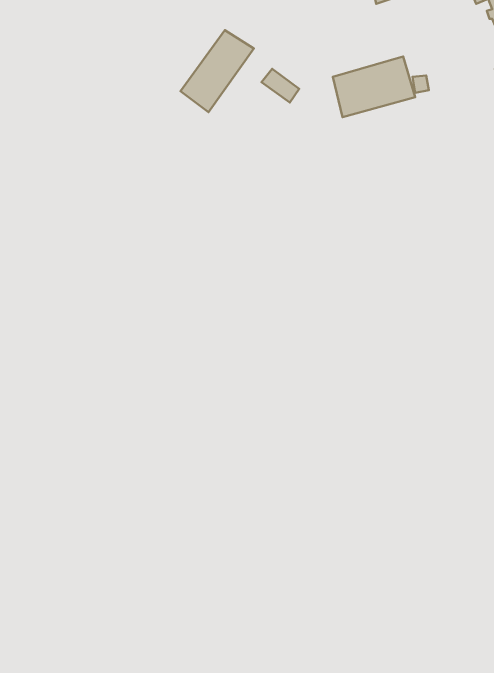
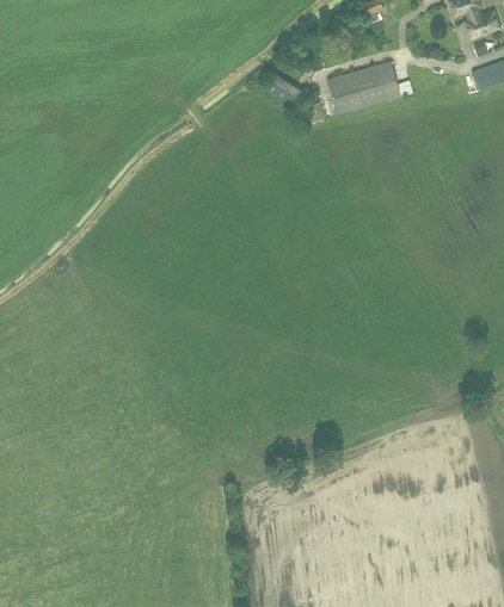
building: [180,30,254,112] -> none

